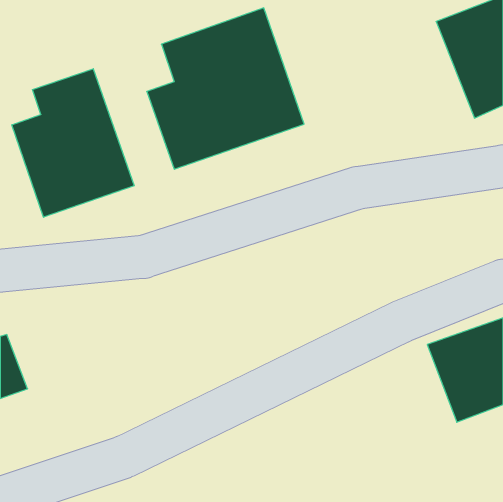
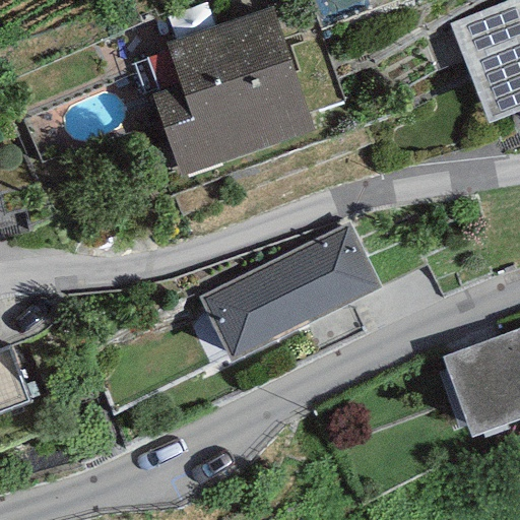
building: [12,69,134,217] -> none
building: none -> [198,221,380,361]

